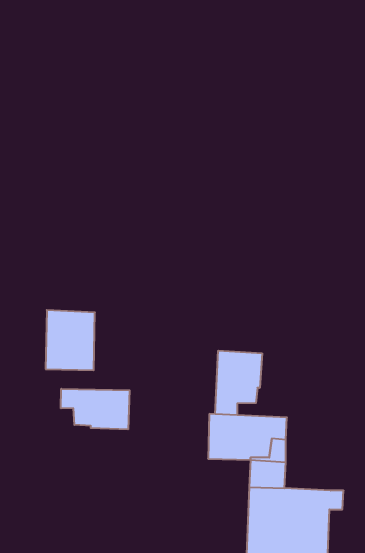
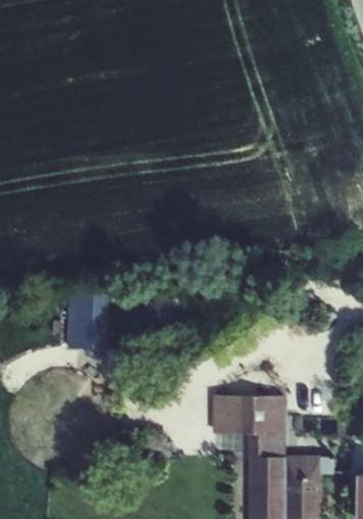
building: [215,351,262,415] -> none
building: [61,389,130,429] -> none

